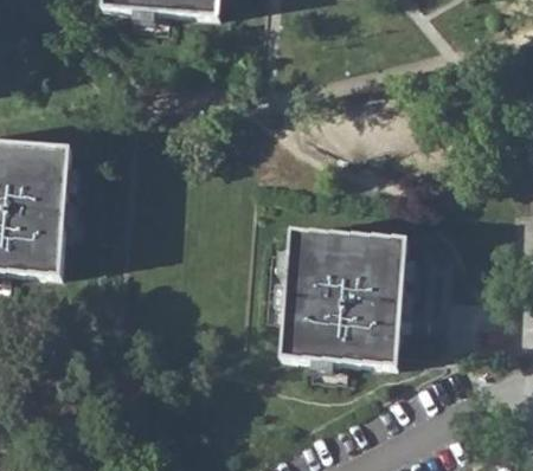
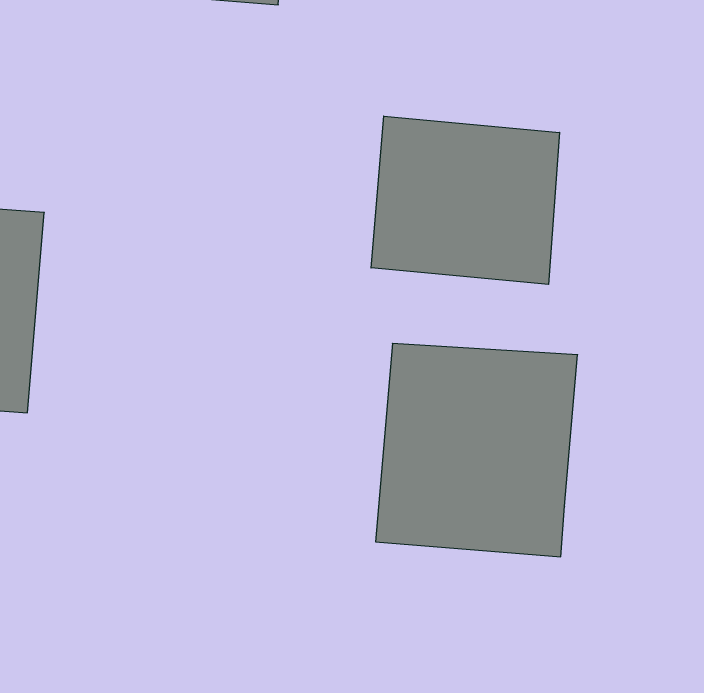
building: none -> [371,116,560,284]

